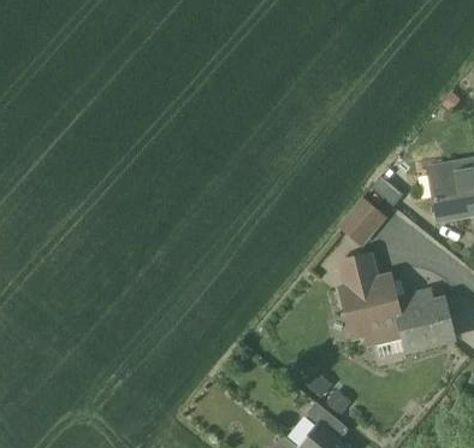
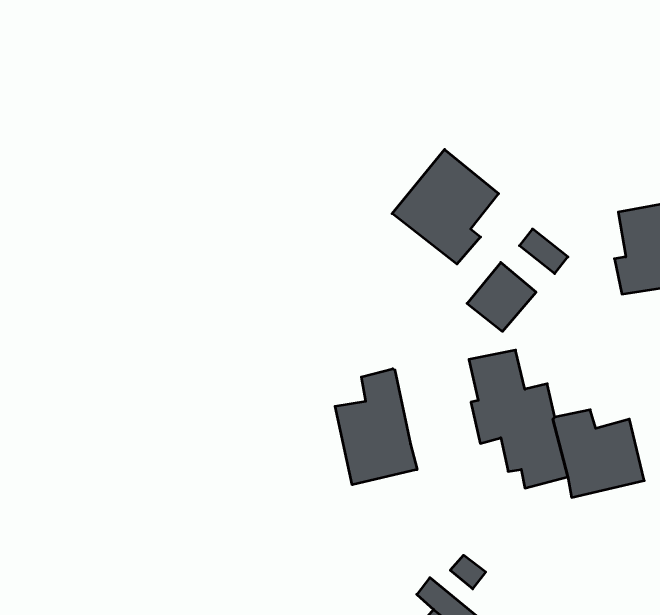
building: none -> [392,149,499,264]
building: none -> [335,369,417,485]

